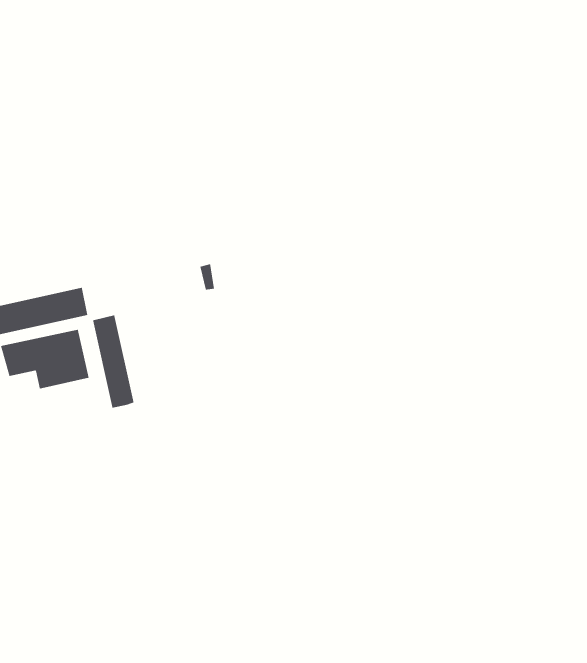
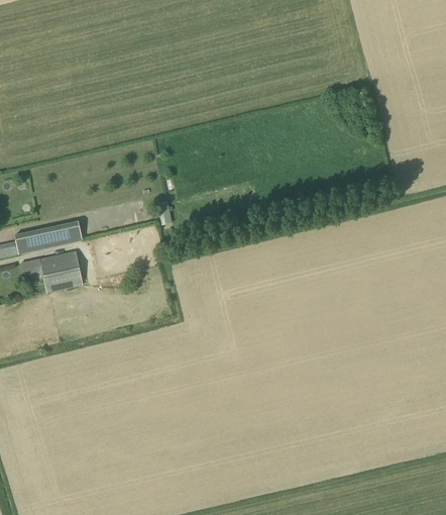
building: [92,314,134,408] -> none

